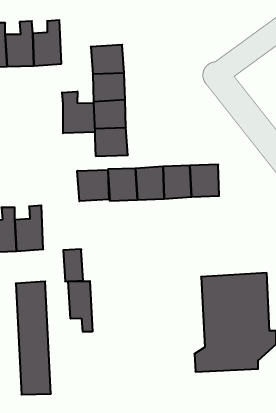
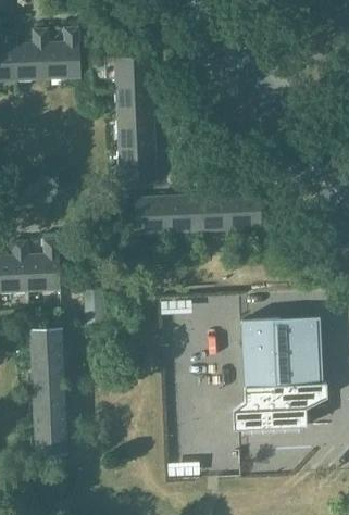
building: [62,91,95,133] -> none
building: [77,170,109,201] -> none
building: [68,281,92,332] -> none

